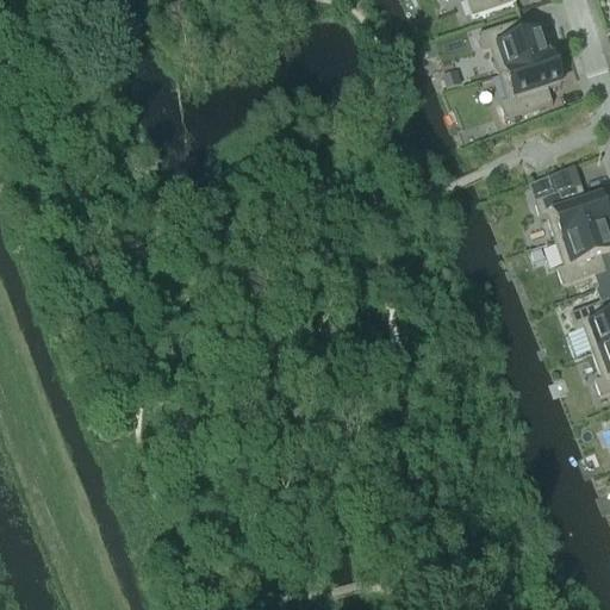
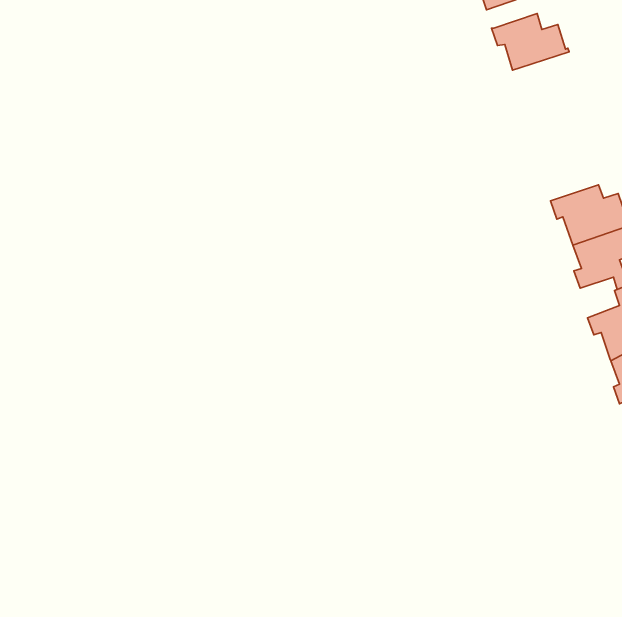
building: [503,50,566,112] -> none

